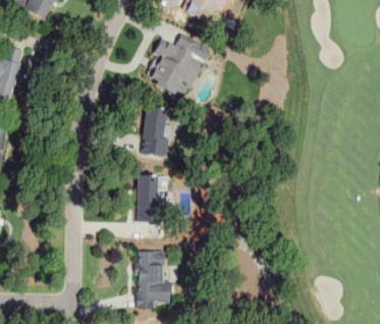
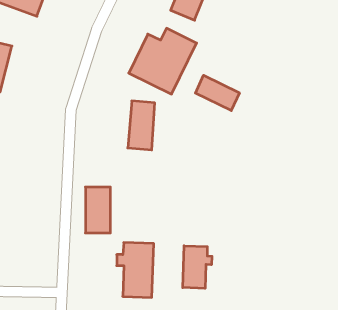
building: none -> [195,75,239,111]
building: [135,174,161,221] -> [85,187,110,233]
building: none -> [183,246,212,288]

